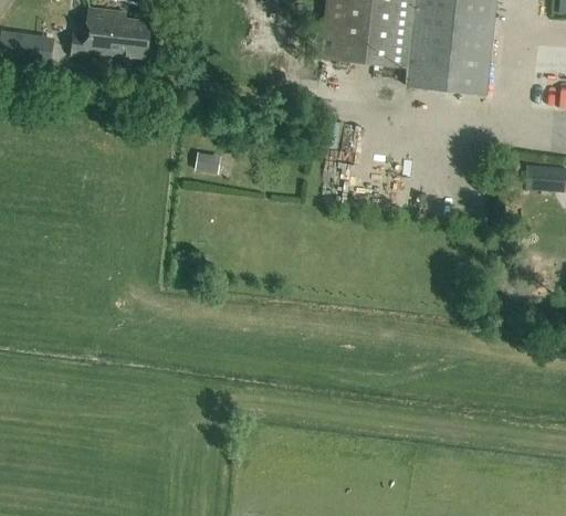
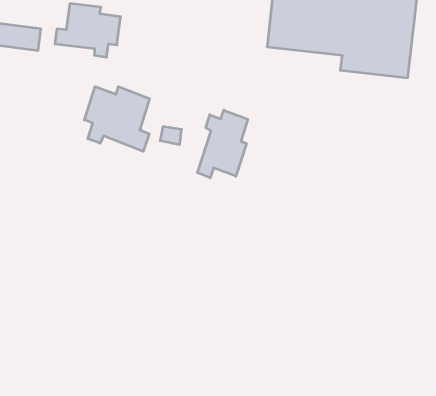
building: none -> [84,87,150,151]
building: none -> [197,110,248,178]

